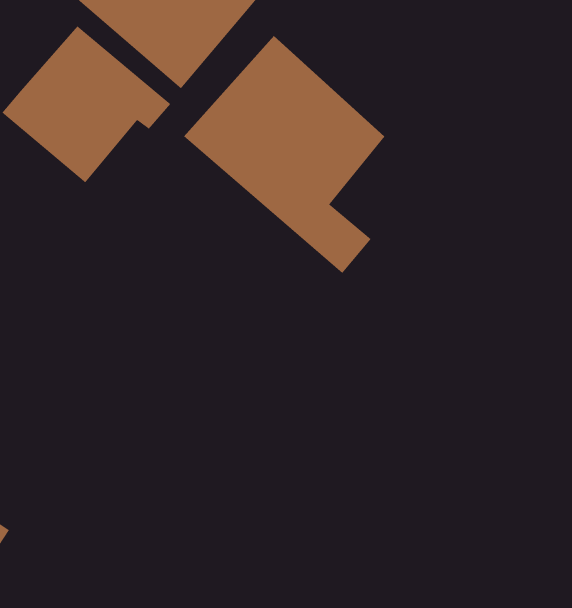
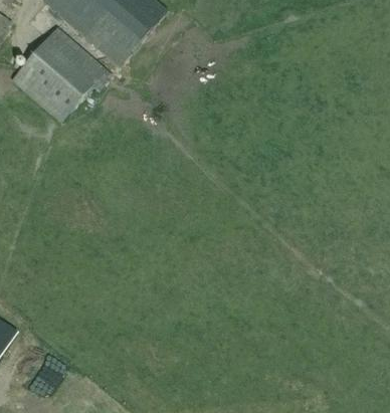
building: [183,35,385,274] -> none

